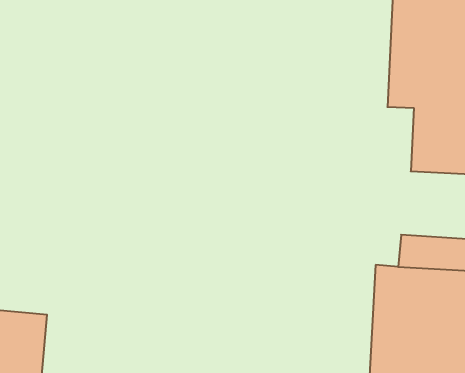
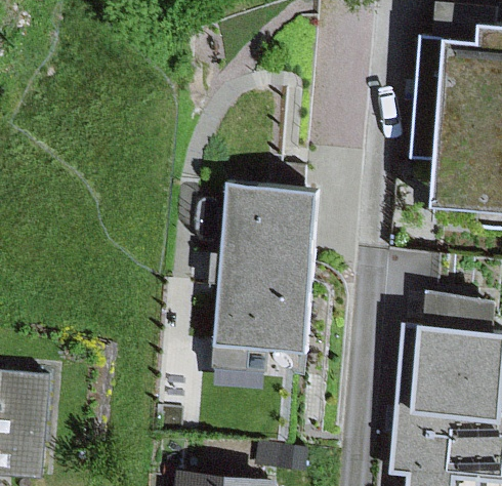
building: none -> [216,186,319,357]

